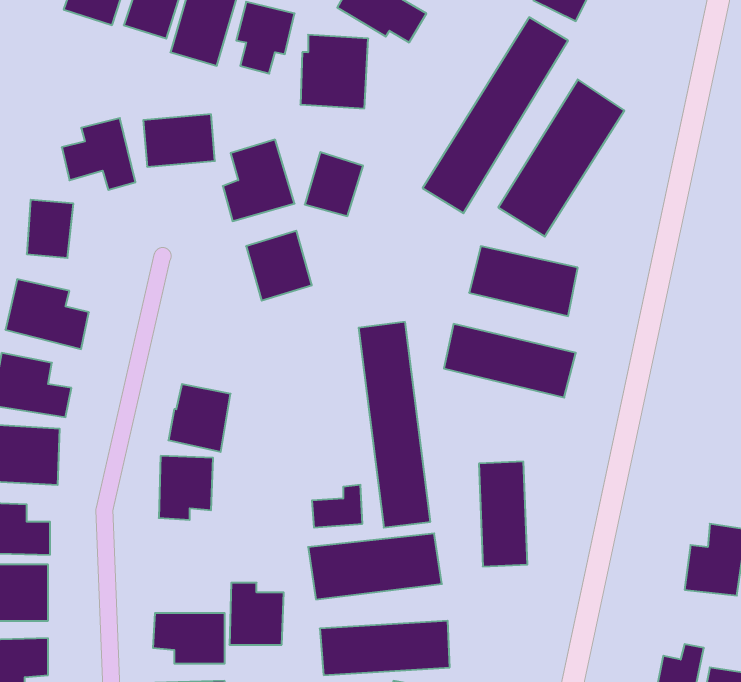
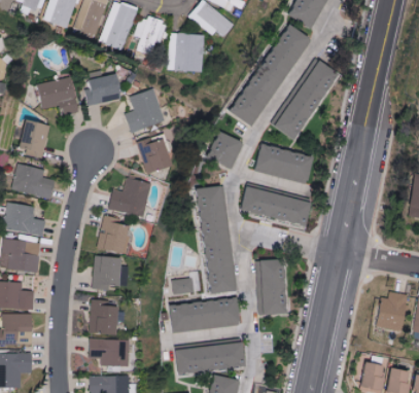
building: [305,152,363,216] -> [210,133,241,167]
building: none -> [109,177,152,217]
building: [229,583,284,645] -> [89,300,117,333]

